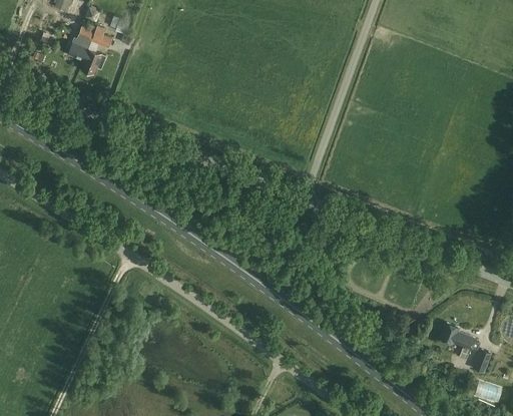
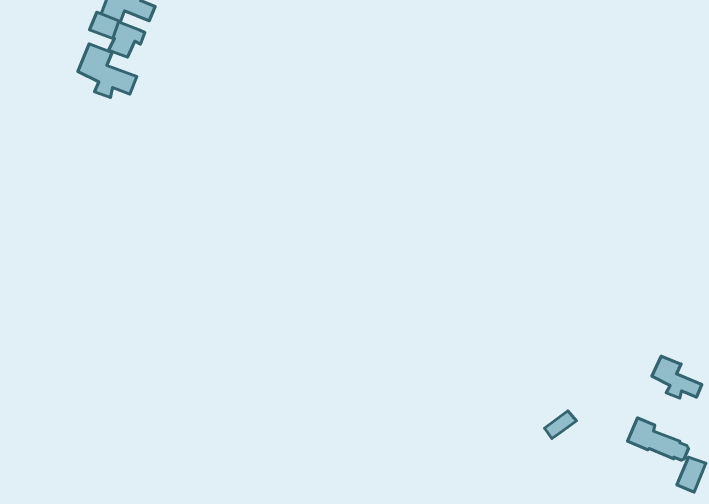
building: none -> [78,44,137,97]
building: none -> [652,356,702,398]

